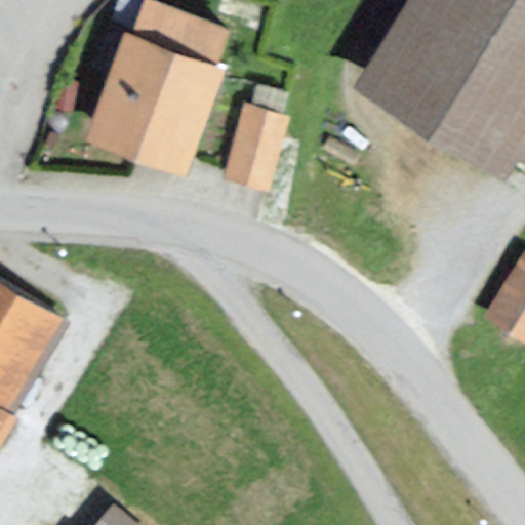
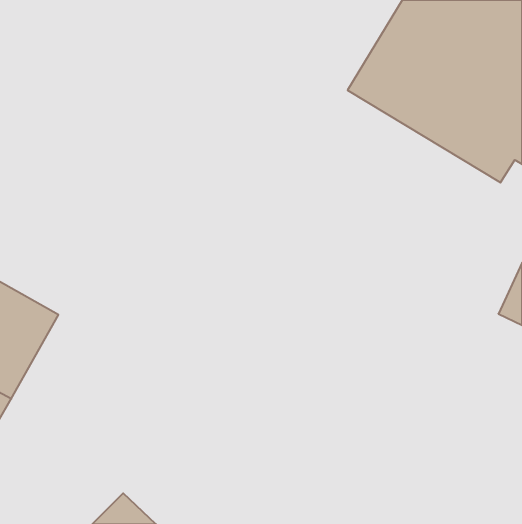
building: [103,30,231,170] -> none
building: [221,84,299,179] -> none

